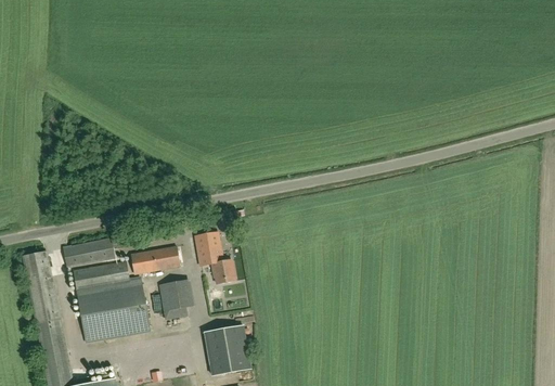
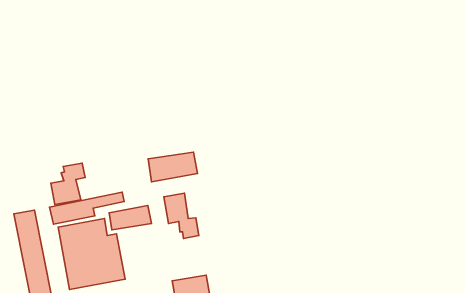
building: none -> [148,152,198,182]
building: none -> [51,163,85,205]
building: [158,281,188,320] -> none

